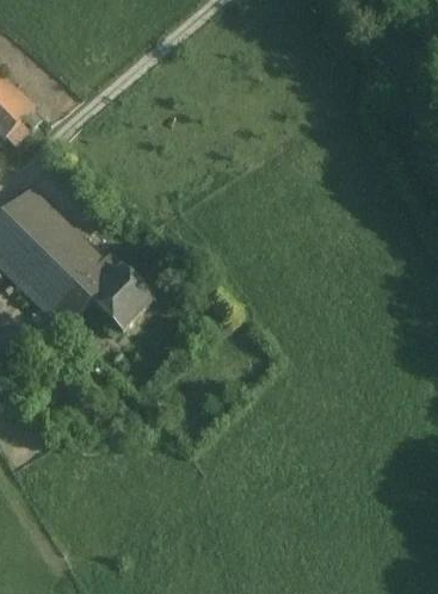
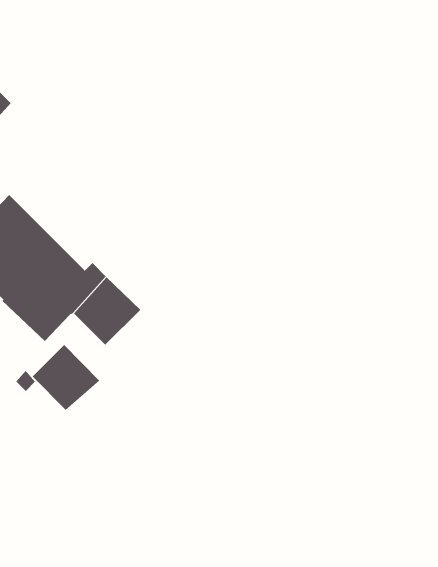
building: none -> [32,344,100,411]

